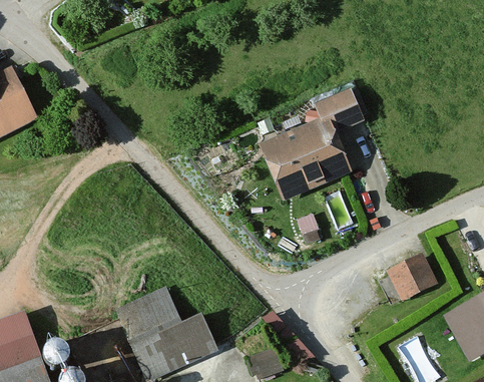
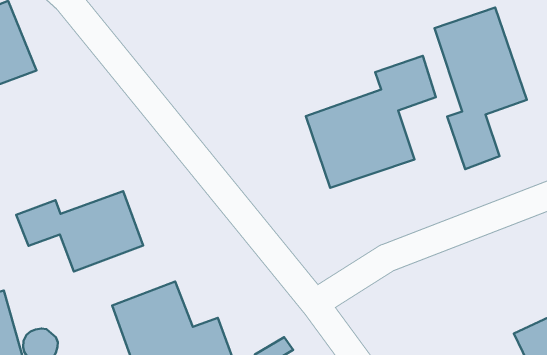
building: none -> [435,8,527,169]
building: none -> [16,191,143,271]
building: [387,248,437,295] -> none

